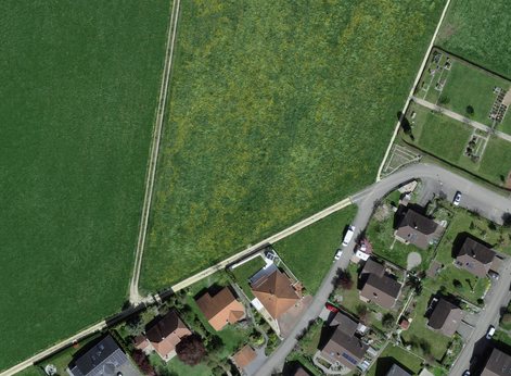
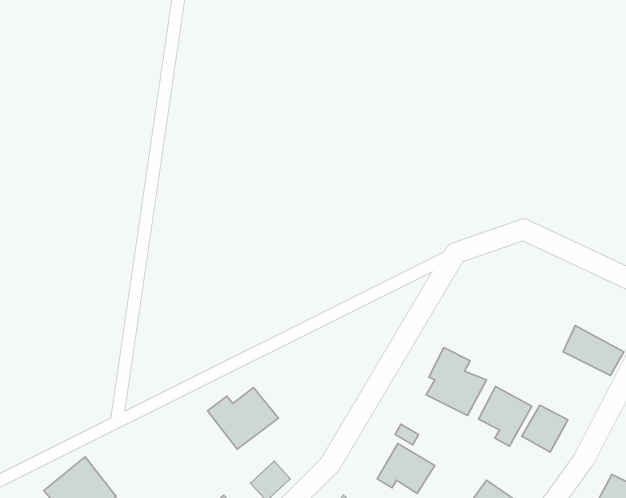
building: [398,212,433,245] -> none
building: [252,268,296,315] -> none
building: none -> [478,386,532,446]
building: [132,311,195,359] -> none

